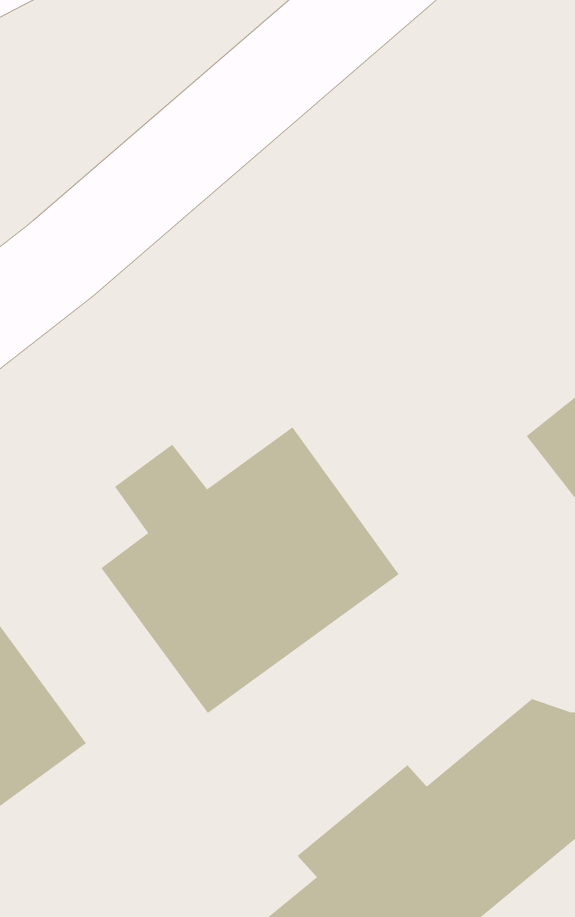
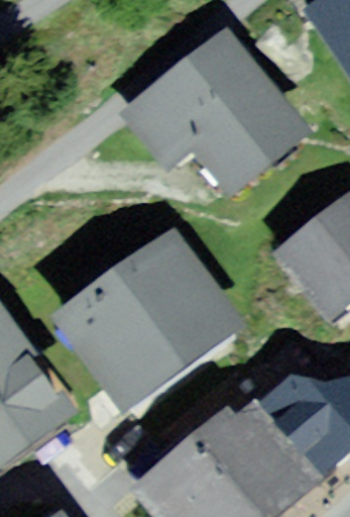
building: none -> [144,45,300,179]

